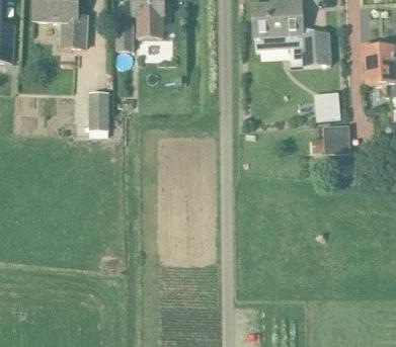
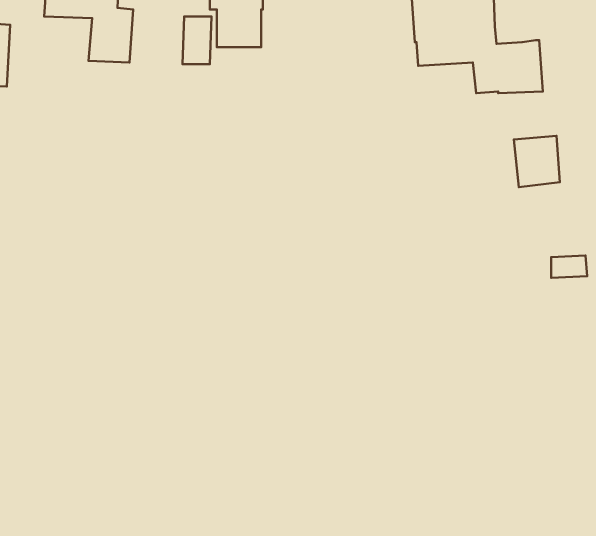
building: [89,91,109,128] -> none
building: [313,123,350,154] -> none

